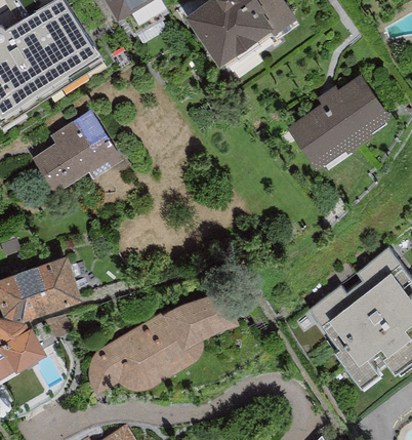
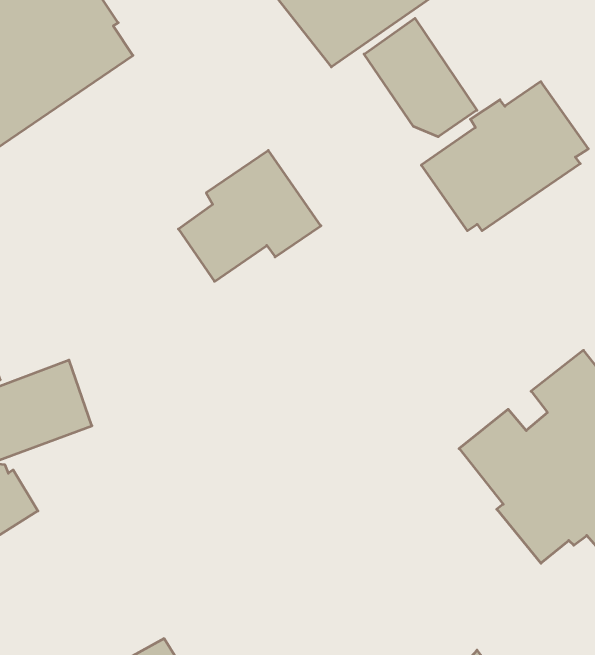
building: none -> [364,18,477,137]
building: [32,110,121,192] -> [178,150,321,281]
building: [88,289,238,396] -> none

